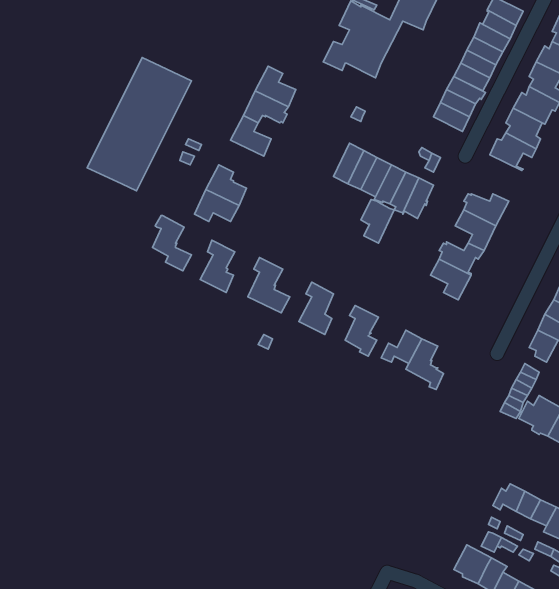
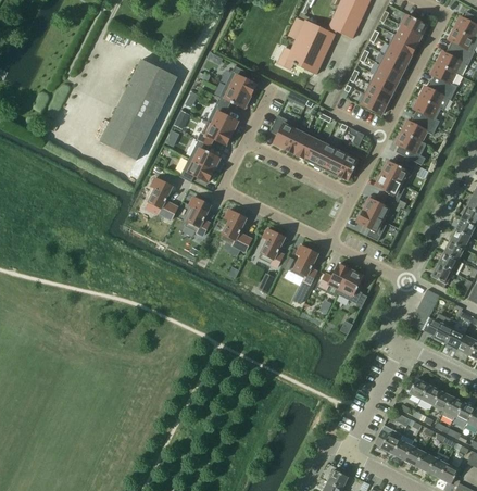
building: none -> [199,122,233,146]
building: none -> [396,133,426,165]
building: [361,200,394,243] -> [272,116,297,149]

